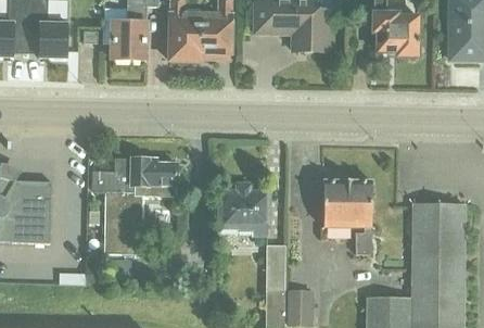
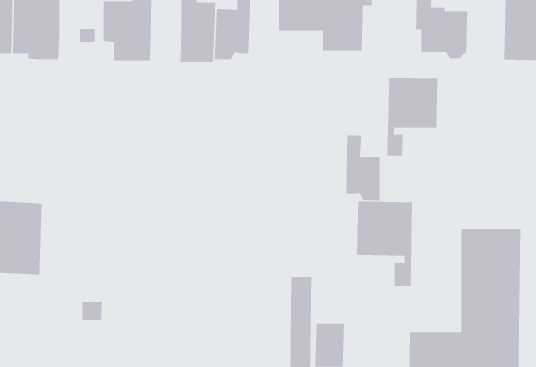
building: none -> [387,77,438,157]
building: none -> [346,135,380,201]
building: [93,159,177,254] -> none
building: [219,184,268,232] -> none

